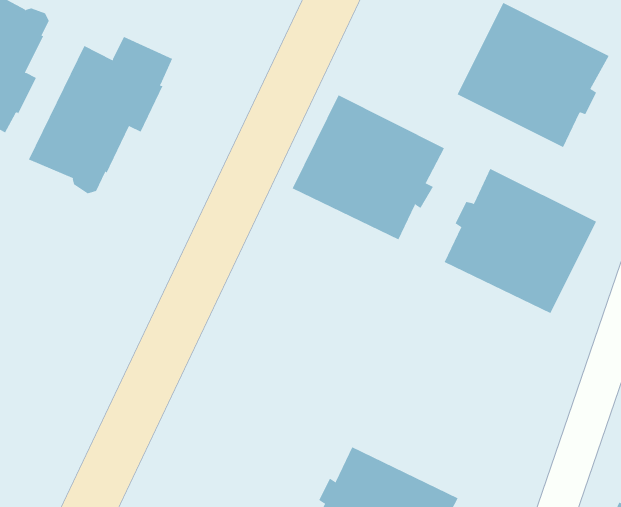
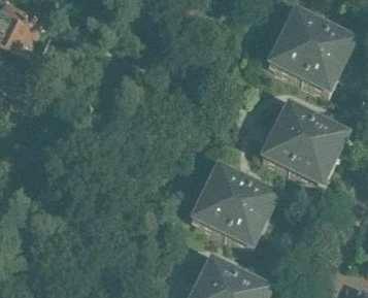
building: [28,36,173,194] -> none
building: [292,95,445,240] -> [193,164,278,245]

